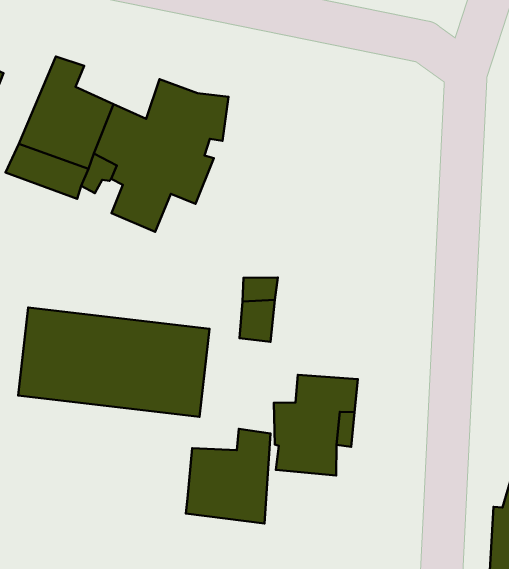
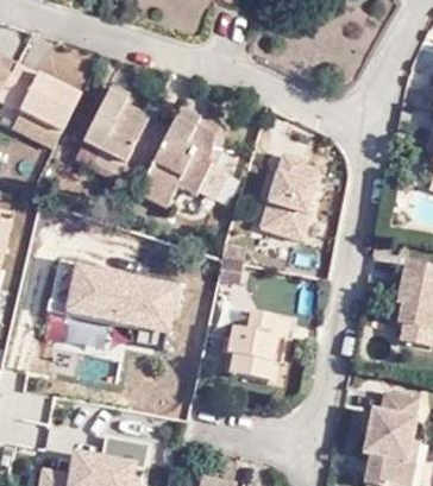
building: none -> [272,151,332,235]
building: [186,429,270,524] -> none

